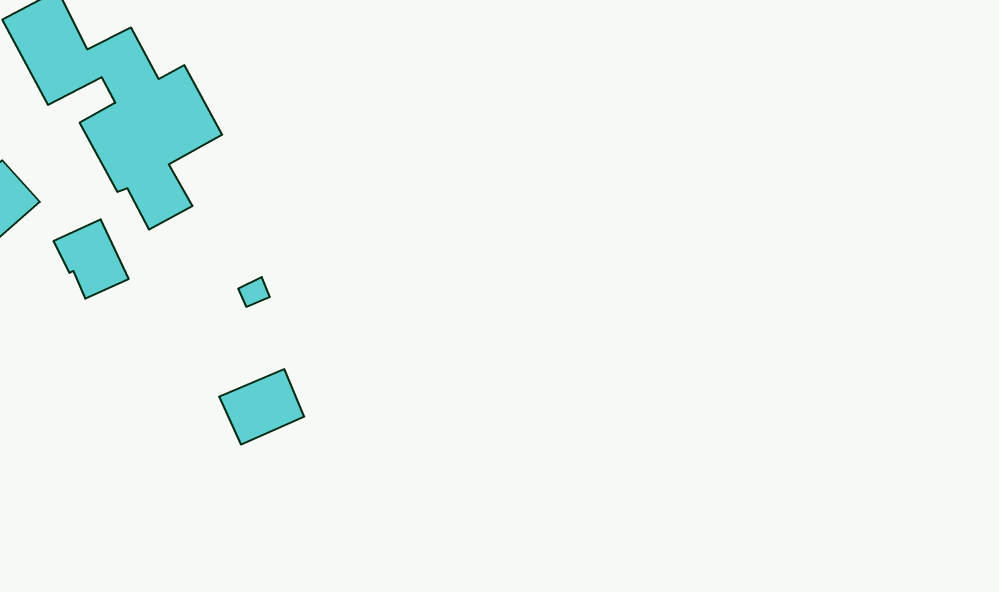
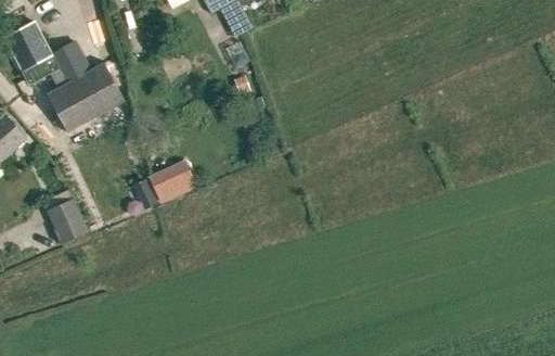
building: [53,219,129,299] -> [47,198,88,241]
building: [219,369,304,444] -> [149,161,195,202]

